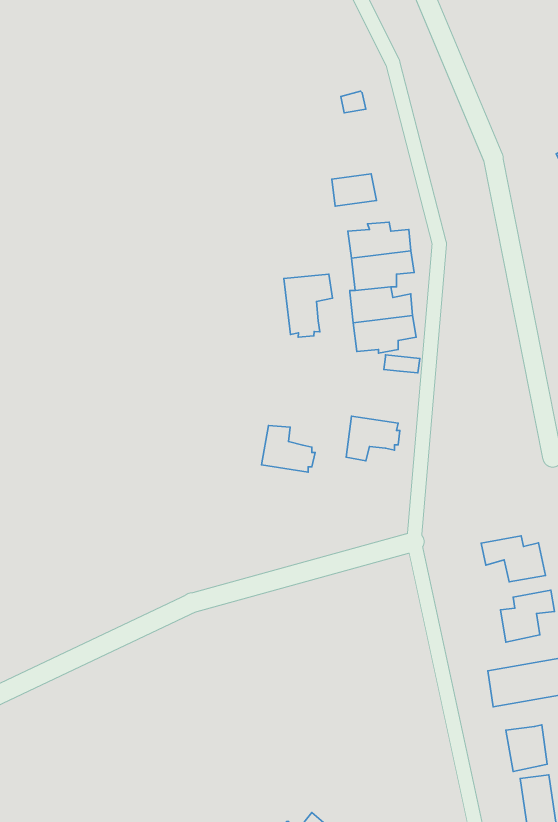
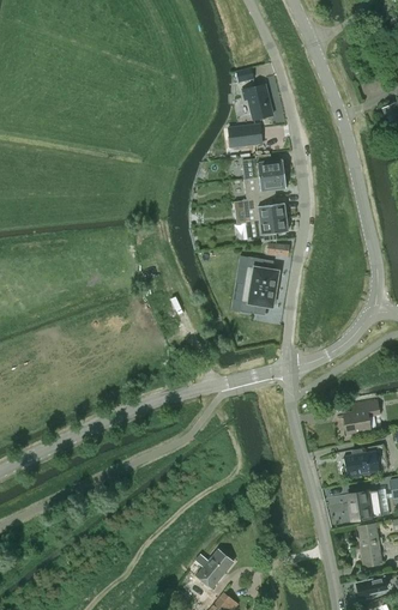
building: none -> [241,85,272,120]
building: [284,274,332,337] -> none
building: [261,426,315,472] -> [243,258,279,289]
building: [481,536,545,582] -> none

